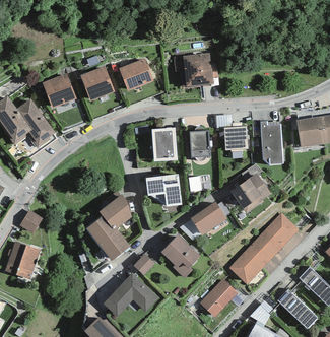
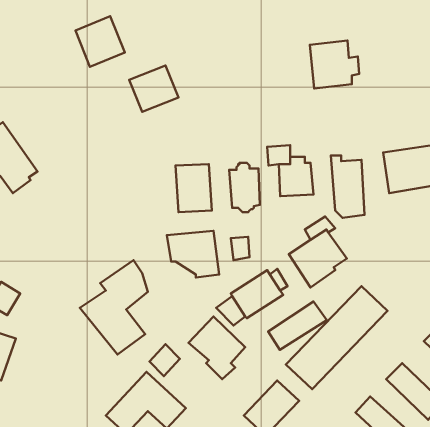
building: [183,53,217,86] -> [310,41,359,88]
building: [80,65,115,100] -> [75,16,125,67]
building: [42,72,76,108] -> none
building: none -> [268,302,327,350]

